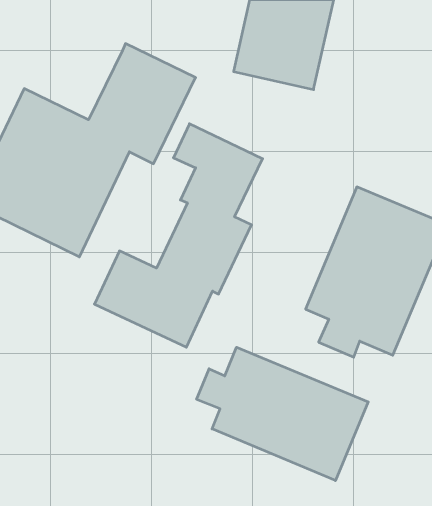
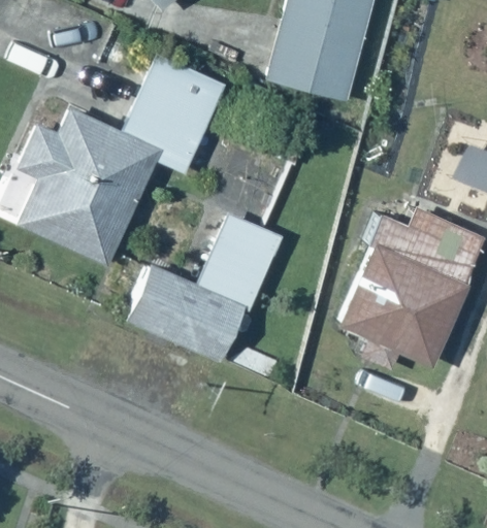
building: [197,347,368,481] -> none

